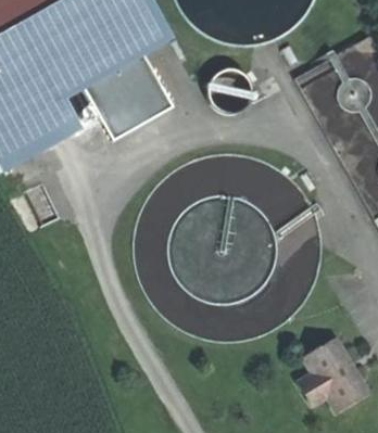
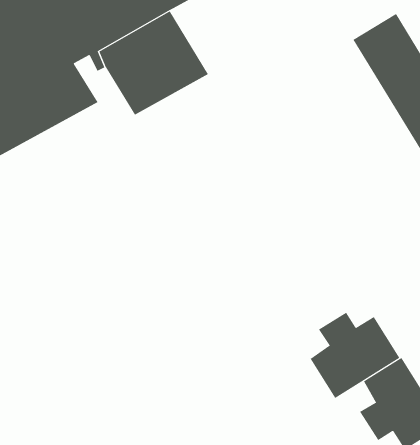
building: none -> [310,312,400,399]

